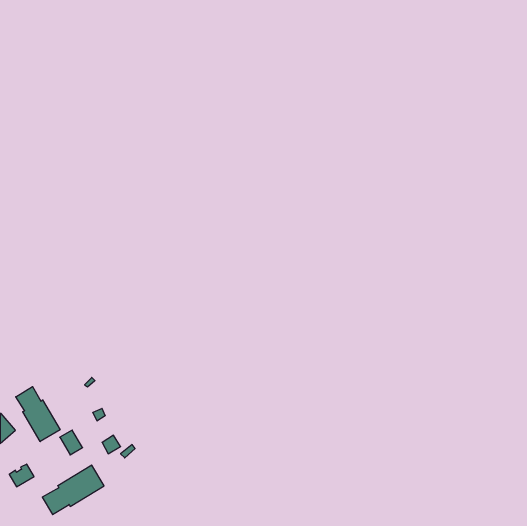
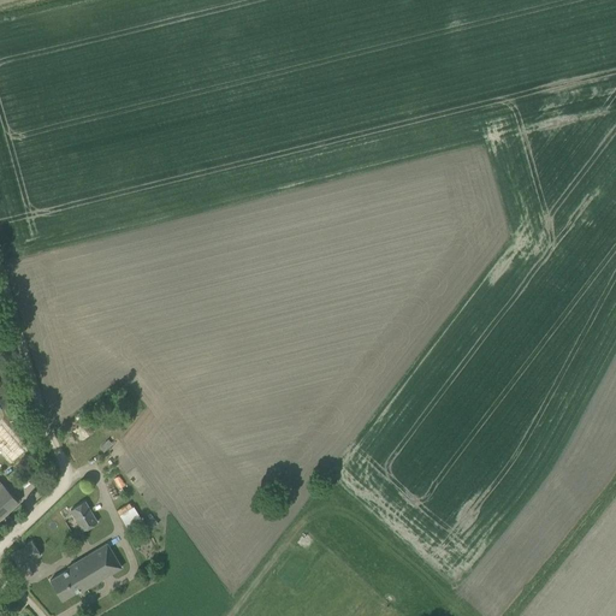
building: [16,387,60,442] -> none

